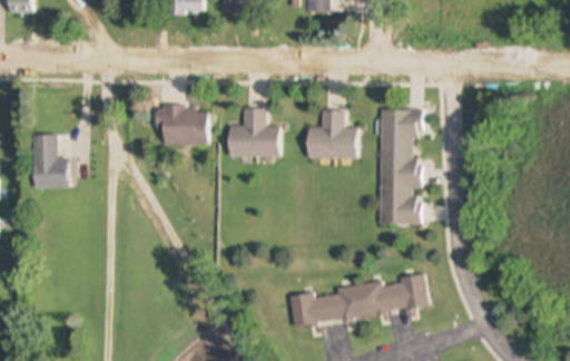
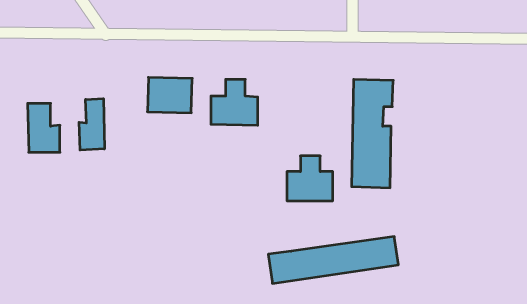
building: [307,110,356,158] -> [287,156,333,201]
building: none -> [79,99,104,150]

